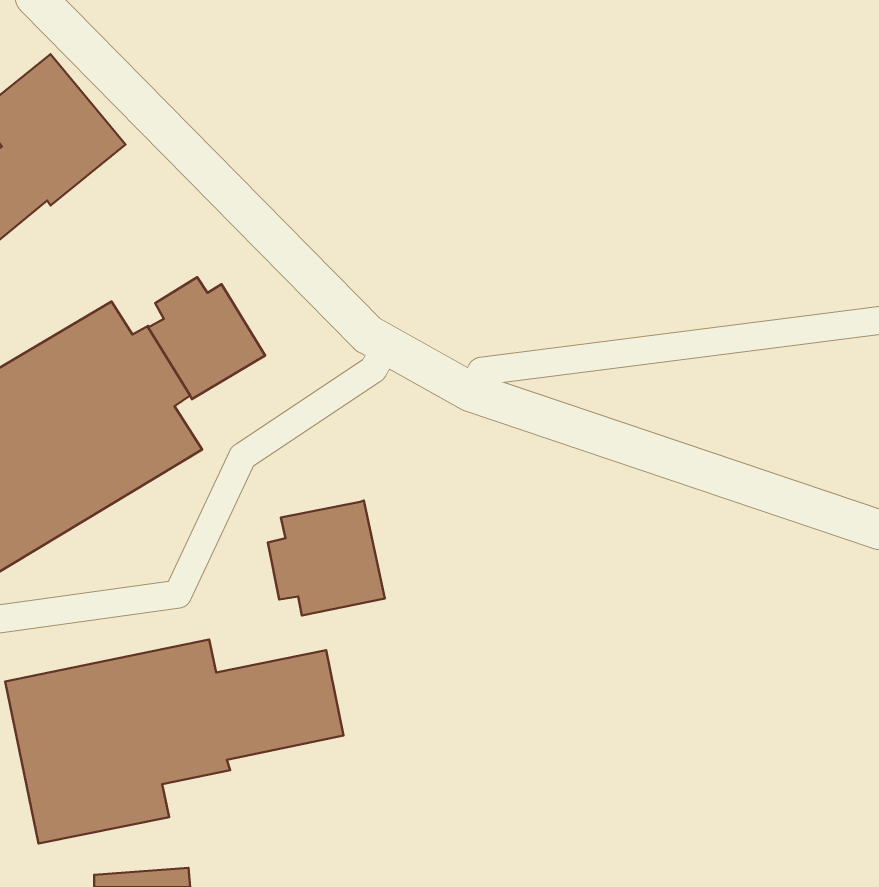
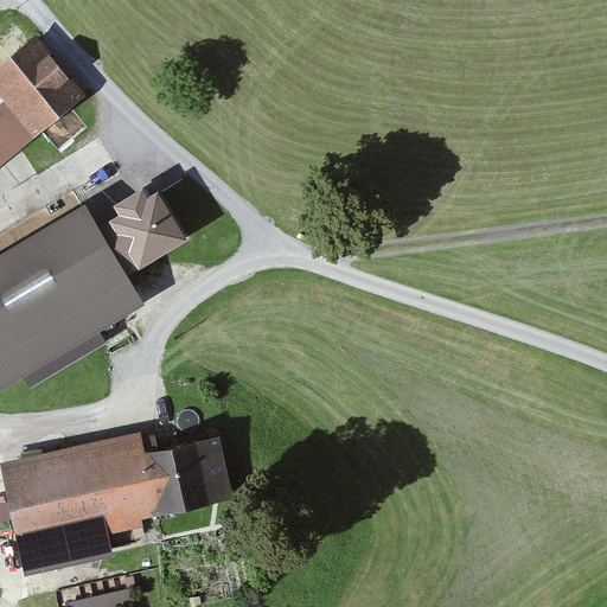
building: [268,501,385,616] -> none

